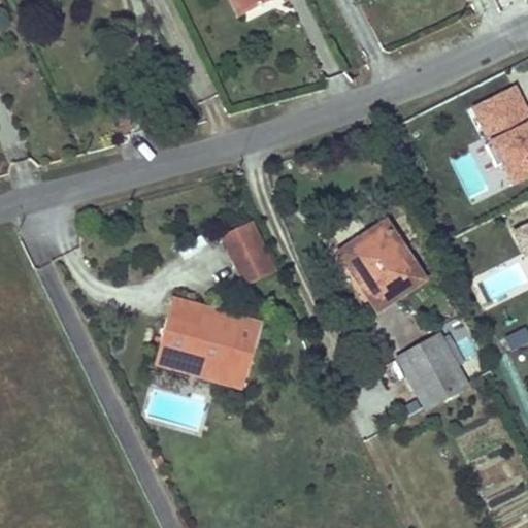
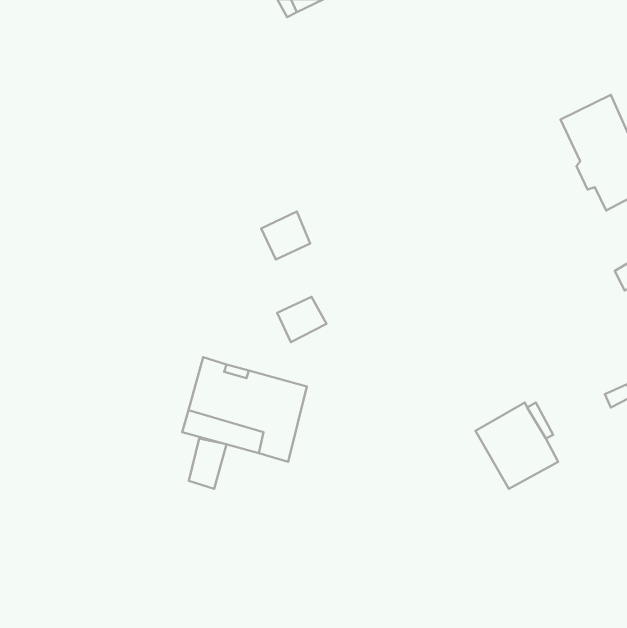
building: [339,221,423,309] -> none
building: [222,222,263,262] -> [261,211,310,259]
building: none -> [189,439,226,489]

